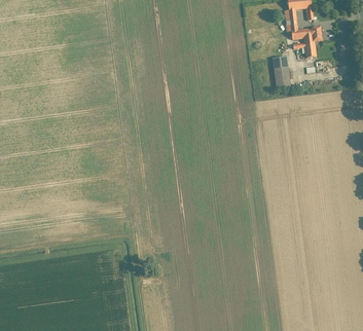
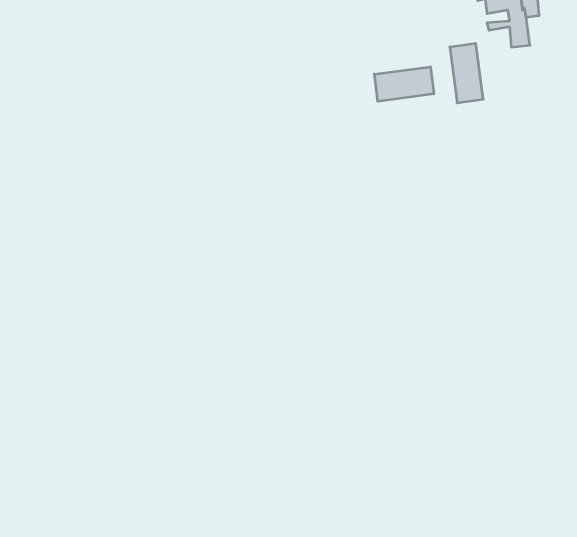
building: none -> [374,67,434,101]

